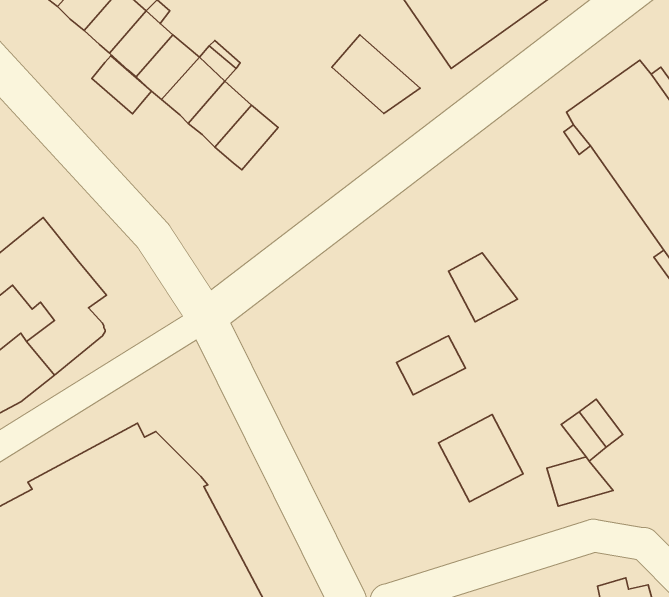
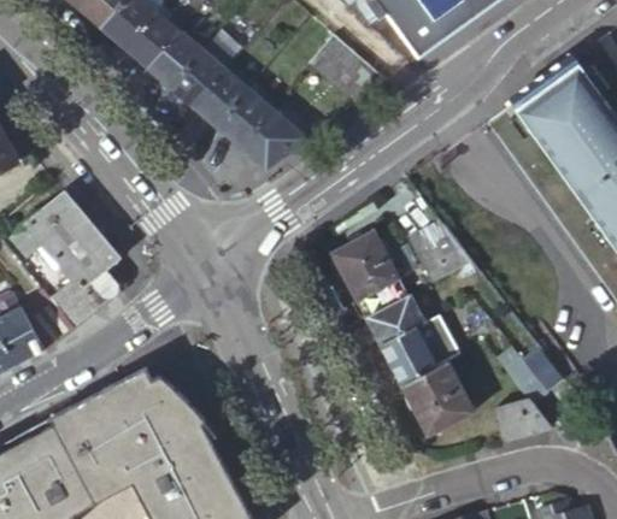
building: [92,56,152,114] -> none
building: none -> [234,113,299,171]
building: none -> [334,229,409,314]
building: none -> [381,314,454,383]

